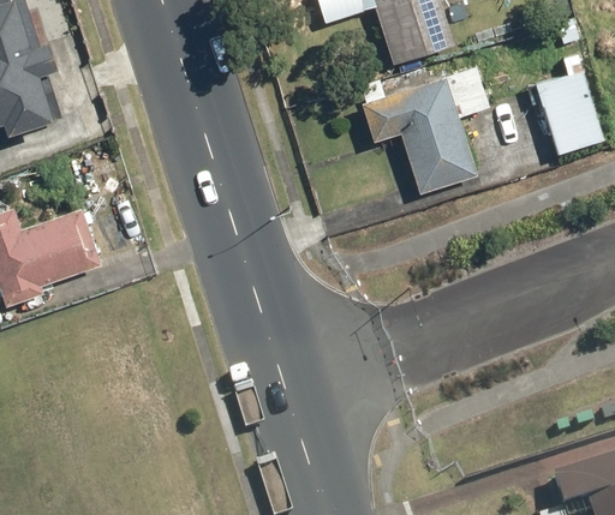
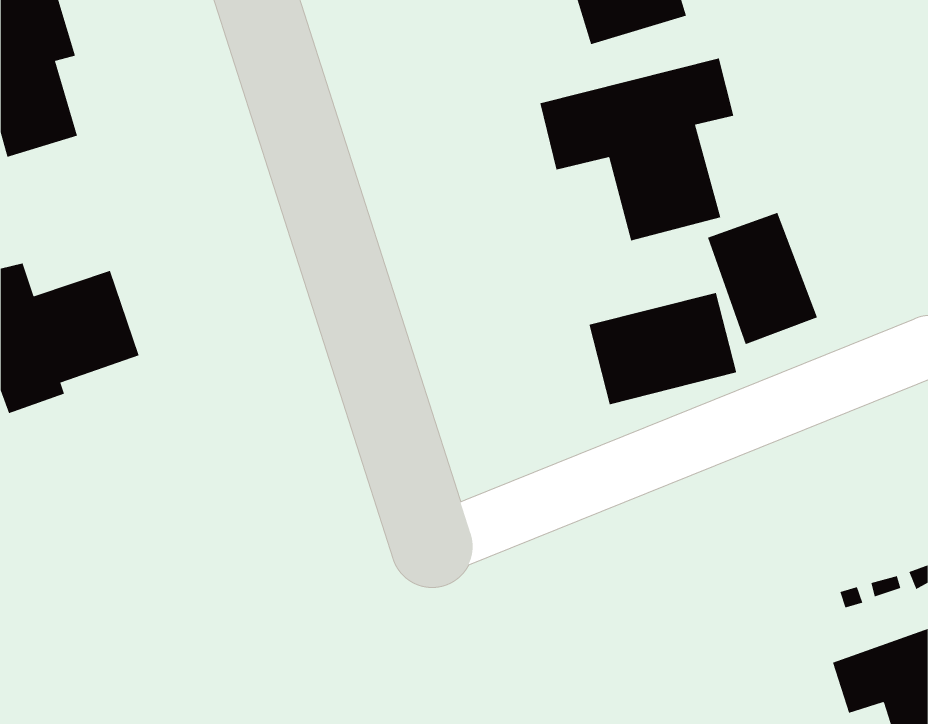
building: [531,68,604,156] -> [707,212,818,345]
building: none -> [589,292,737,405]

